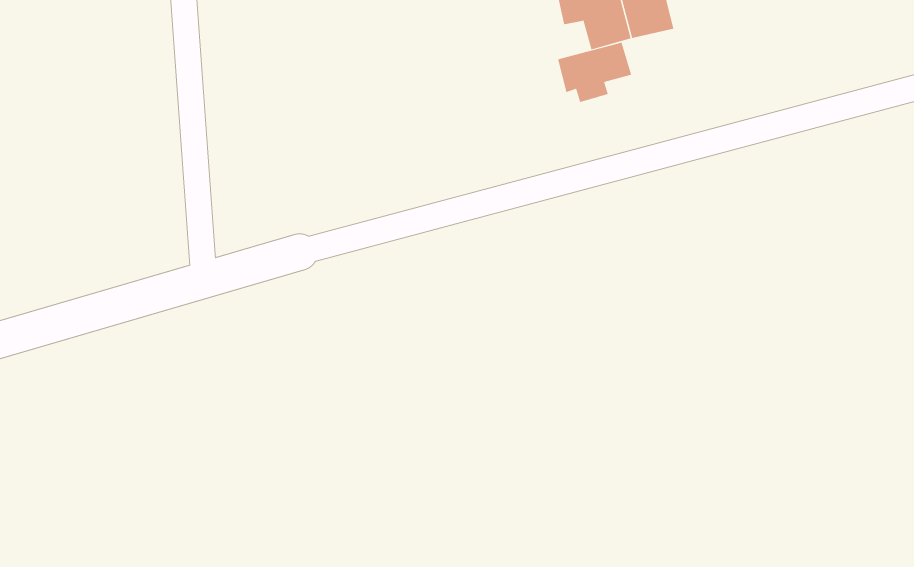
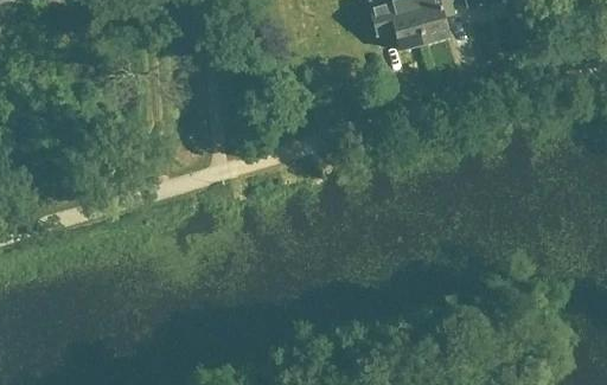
building: [557,42,632,103] -> none

